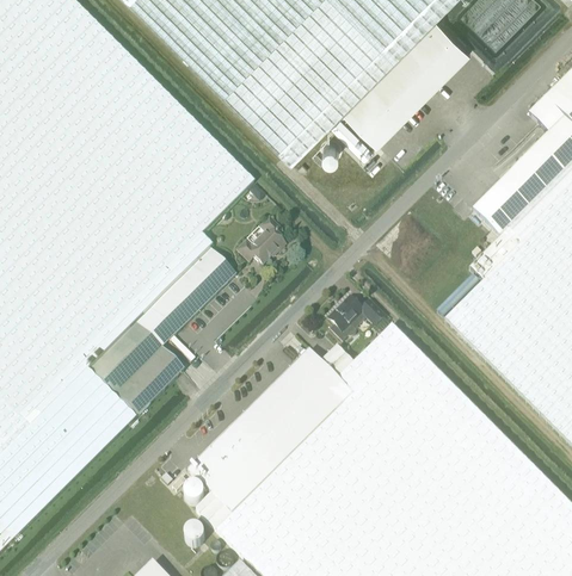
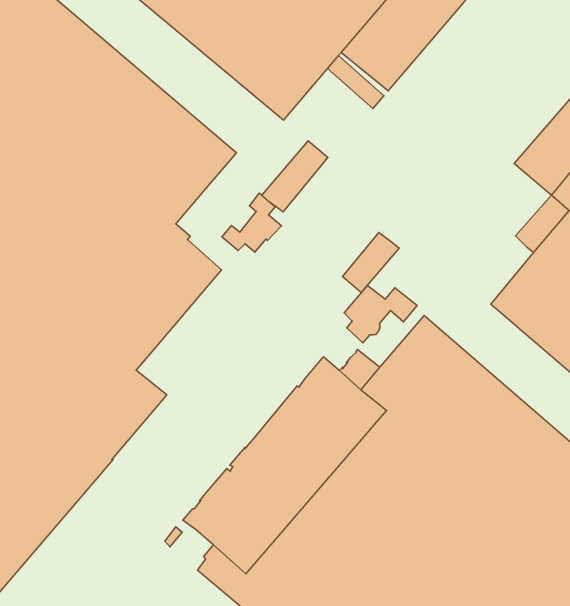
building: none -> [262,141,328,212]
building: none -> [343,232,399,293]

